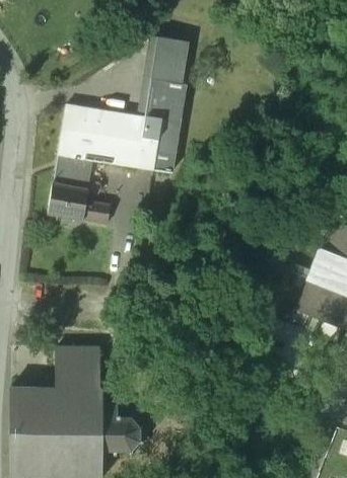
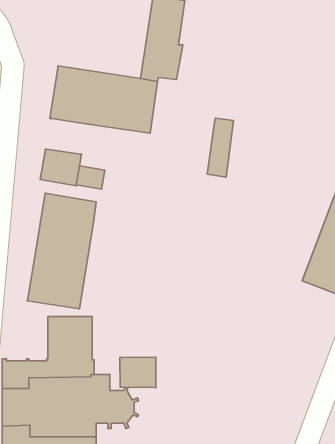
building: [153,115,179,172] -> [207,118,234,177]
building: [54,155,91,189] -> none
building: none -> [27,193,96,309]
building: none -> [120,357,156,388]

